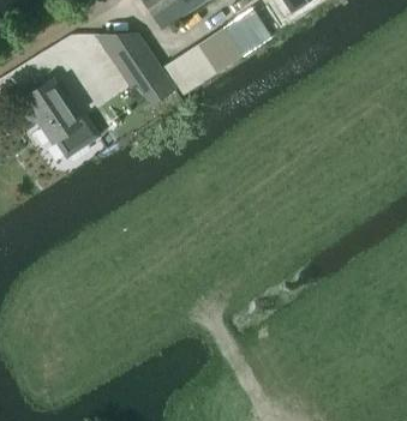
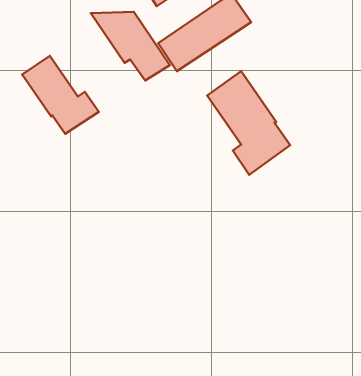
building: none -> [207,71,290,175]

